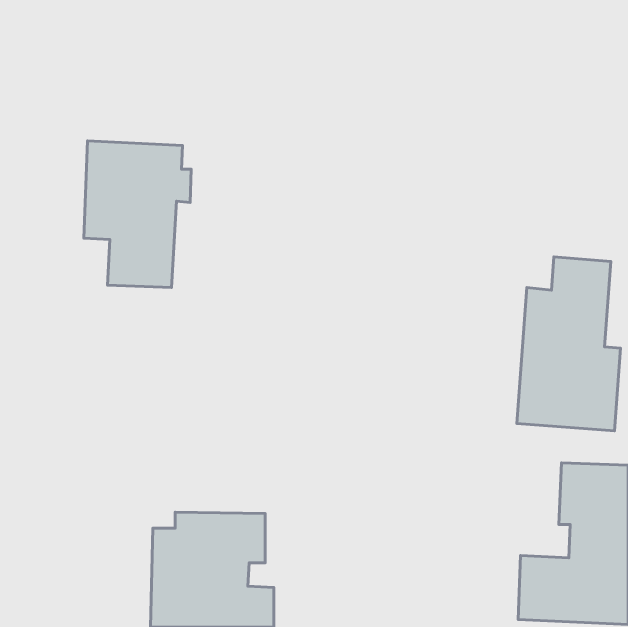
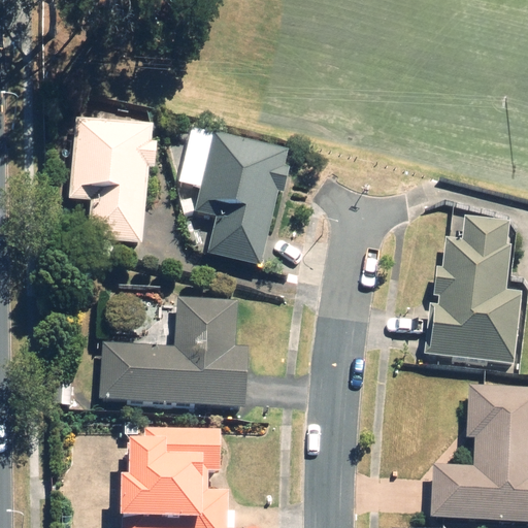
building: none -> [183,127,292,266]
building: none -> [101,296,251,404]

